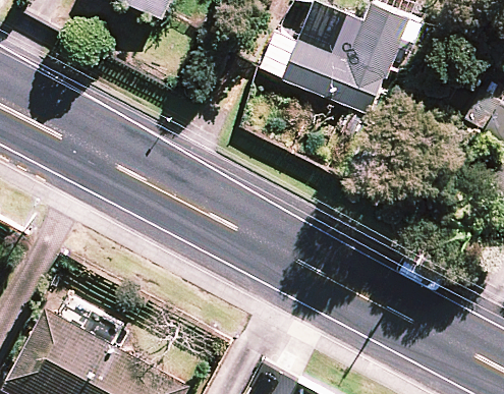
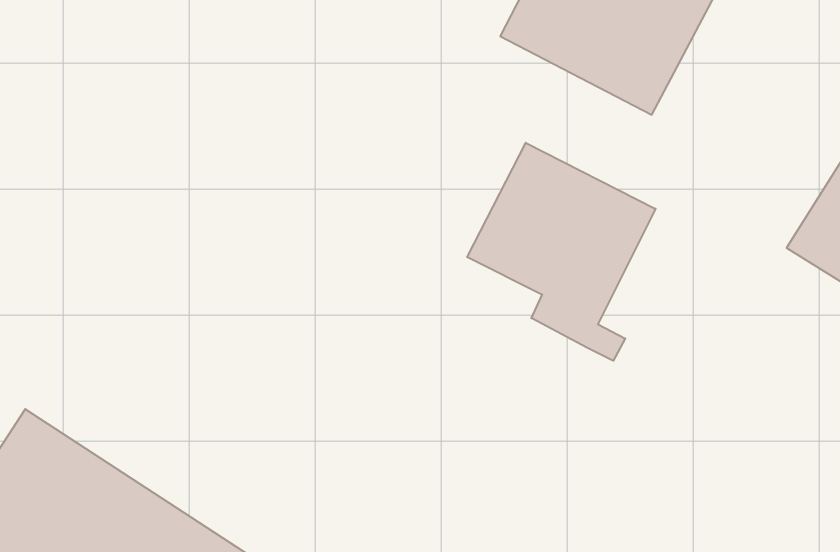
building: none -> [467,143,656,361]

